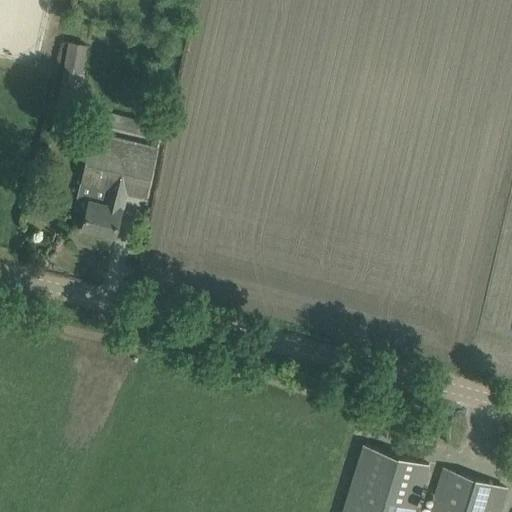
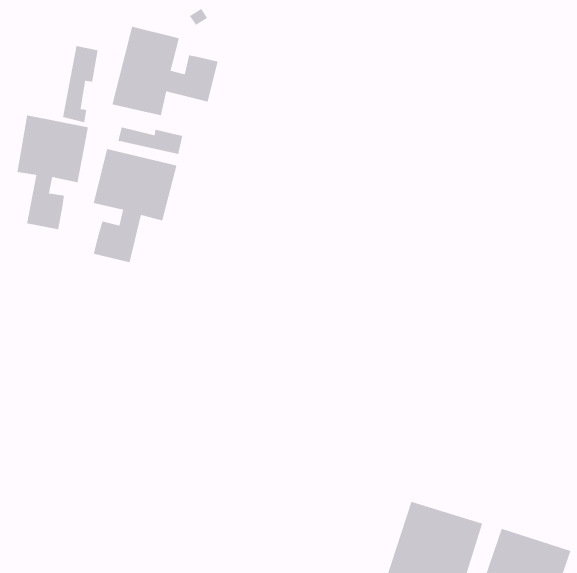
building: none -> [112,26,219,116]
building: none -> [16,115,89,230]

